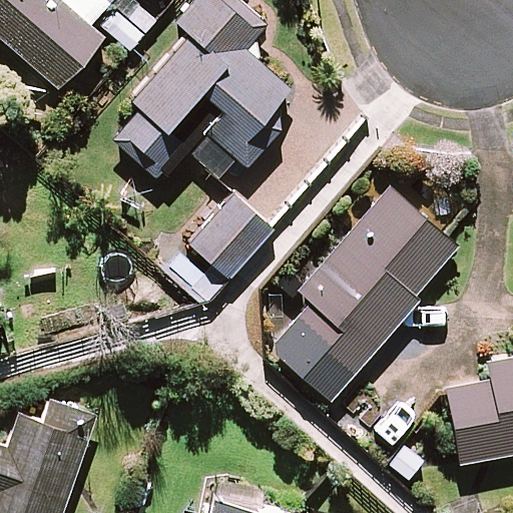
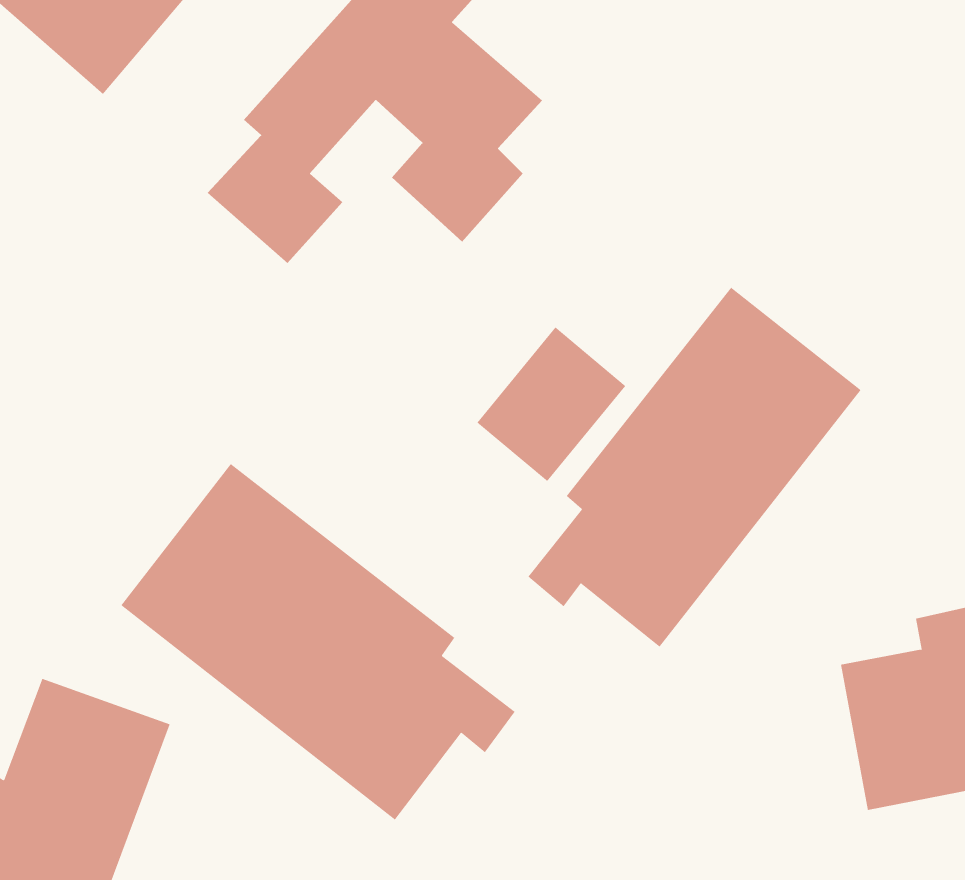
building: [192,196,271,278] -> [476,327,626,482]
building: none -> [121,463,515,820]

